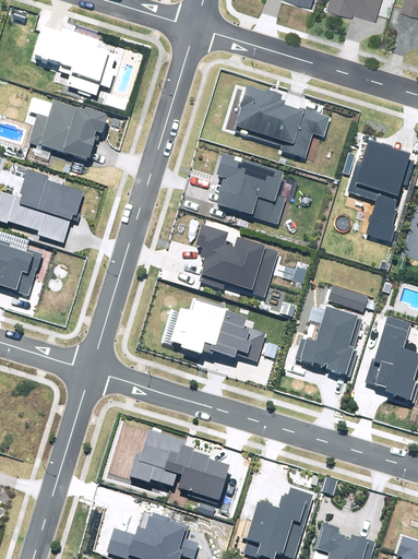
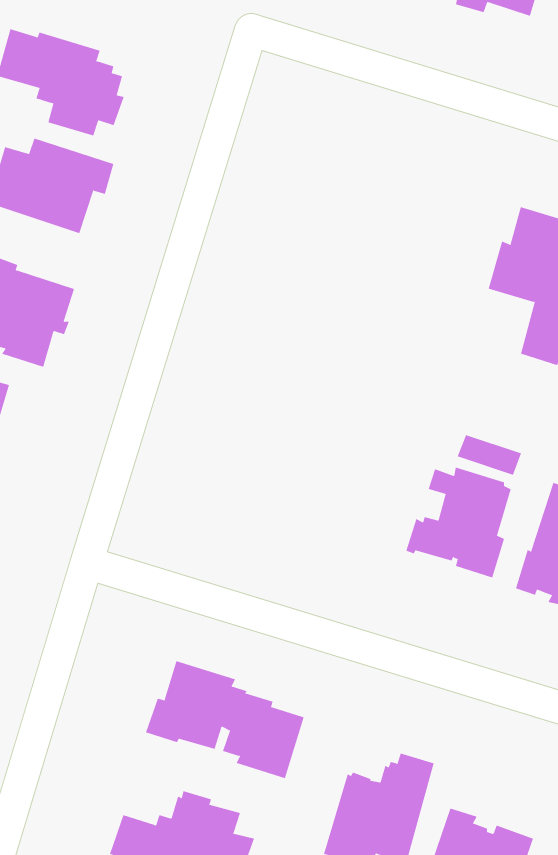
building: [232,85,330,158] -> none
building: [215,153,285,224] -> none
building: [194,225,277,297] -> none
building: [170,297,265,361] -> none

